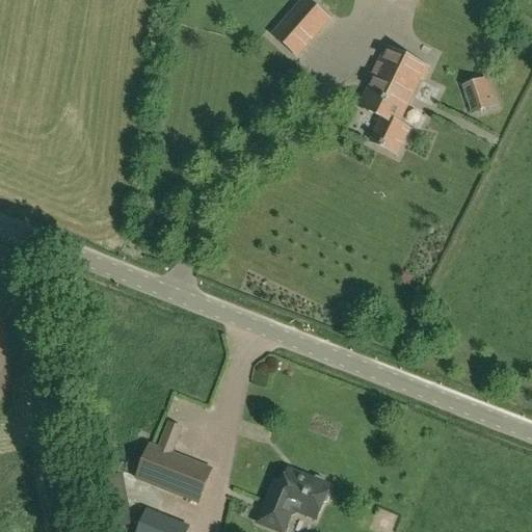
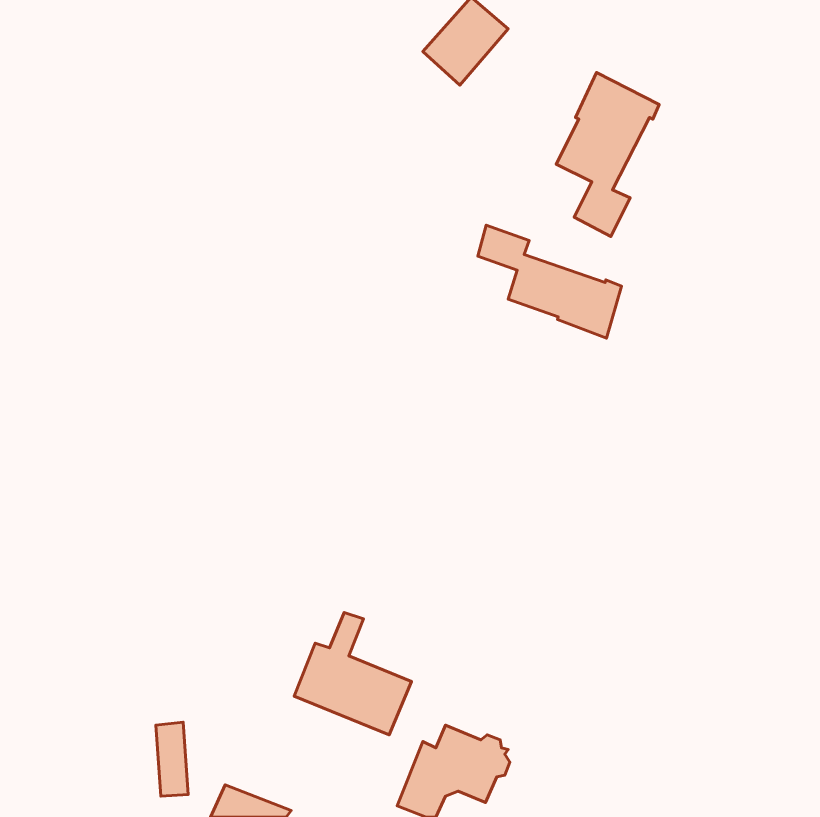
building: [463,79,491,111] -> none
building: none -> [478,225,622,338]
building: [135,422,211,501] -> [294,612,412,735]

